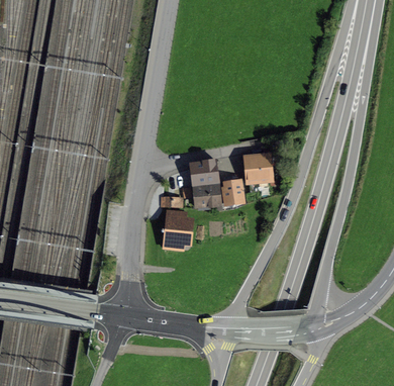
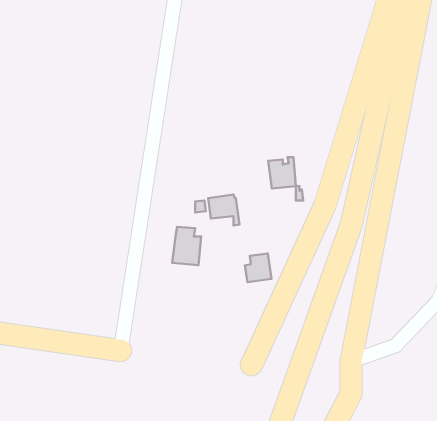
building: [192,160,218,185] -> none
building: [221,180,243,204] -> [245,254,271,282]

